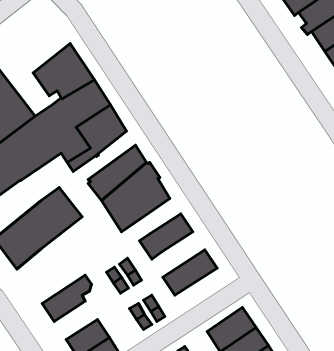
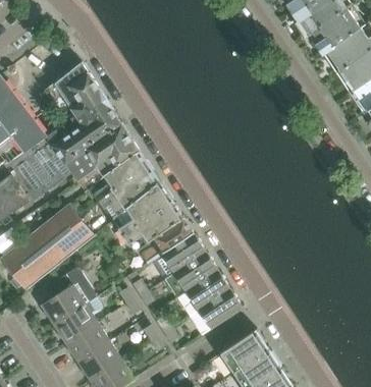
building: none -> [94,150,148,203]
building: none -> [140,218,194,264]
building: none -> [164,252,218,297]
building: none -> [41,266,97,324]
building: none -> [188,288,243,335]
building: none -> [65,322,109,361]

